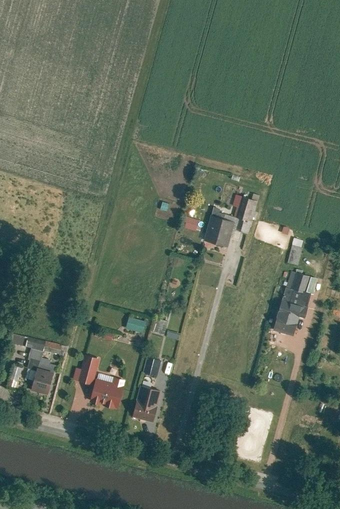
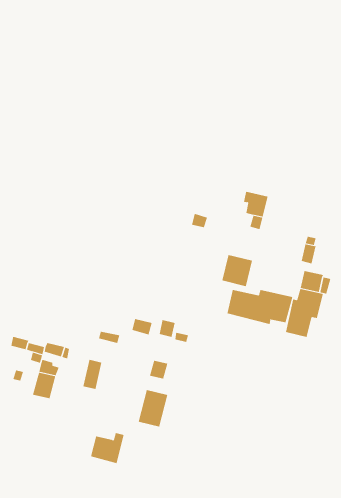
building: [204,215,234,246] -> [222,254,253,287]
building: none -> [227,289,293,325]
building: [91,379,124,409] -> [90,433,125,464]

